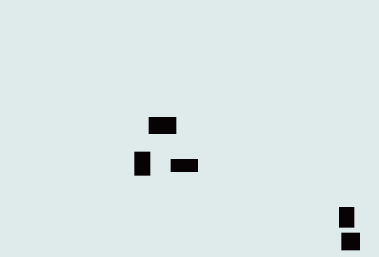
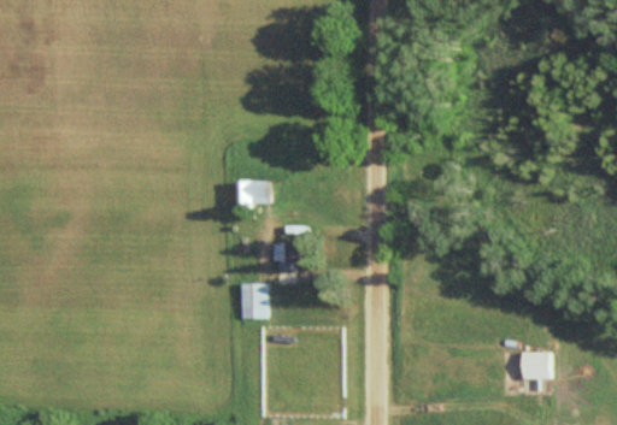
building: [133,151,151,176] -> [239,283,265,320]
building: [338,206,355,228] -> none

